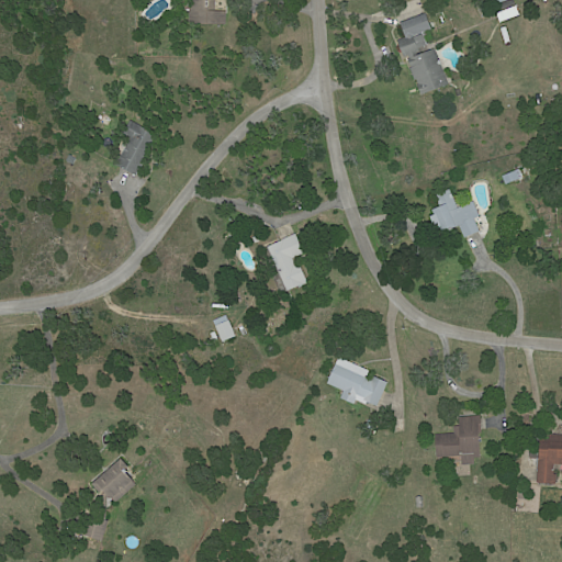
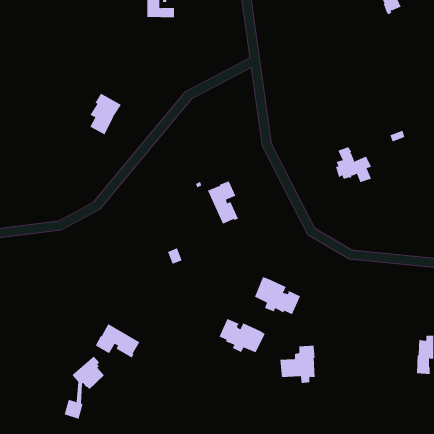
building: [396,12,448,94] -> none
building: none -> [219,318,266,353]
building: [435,415,481,464] -> [280,345,315,383]
building: none -> [95,323,140,359]

